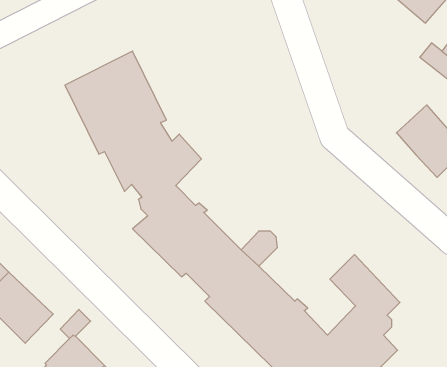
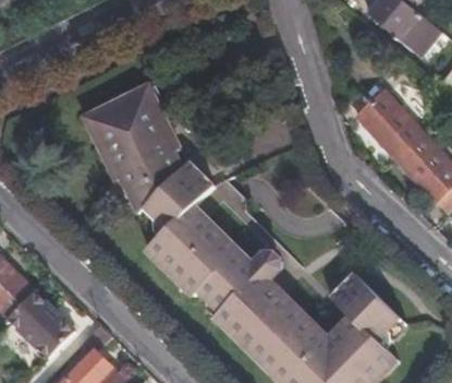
building: none -> [355,92,423,159]

